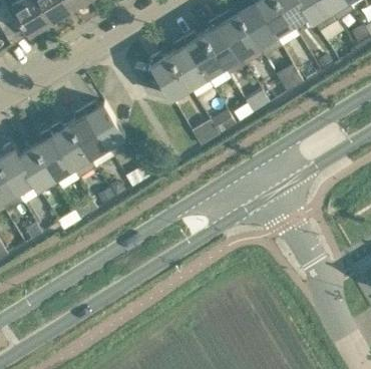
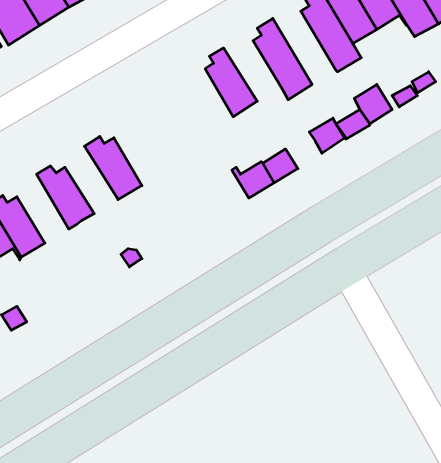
building: [219,12,264,65] -> none
building: [183,32,225,77] -> none
building: [149,53,191,99] -> none
building: [70,109,108,157] -> none
building: [36,129,80,191] -> none

